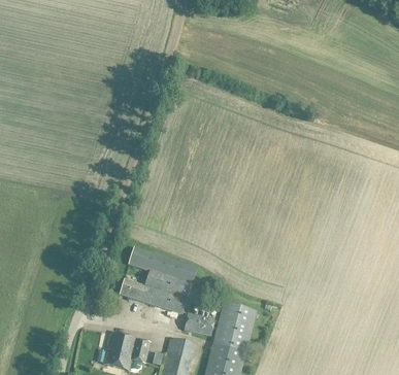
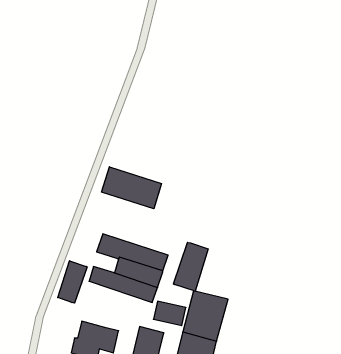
building: none -> [102,167,161,209]
building: none -> [173,242,208,291]
building: none -> [58,261,87,303]

